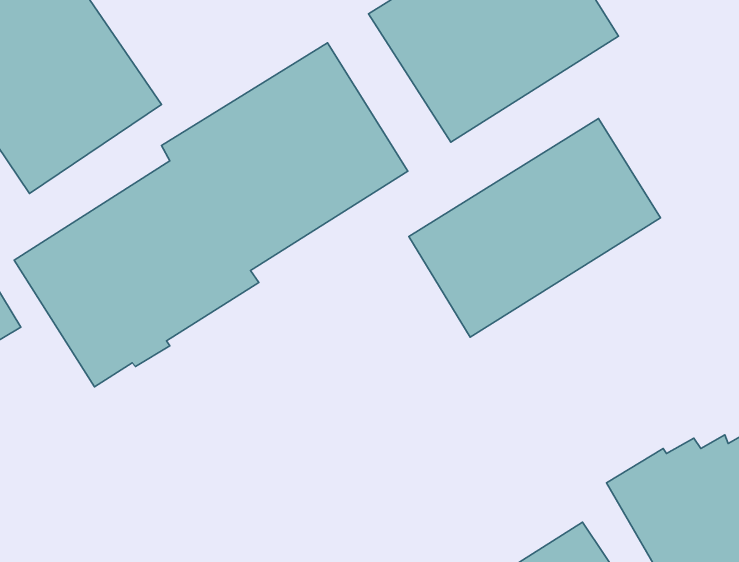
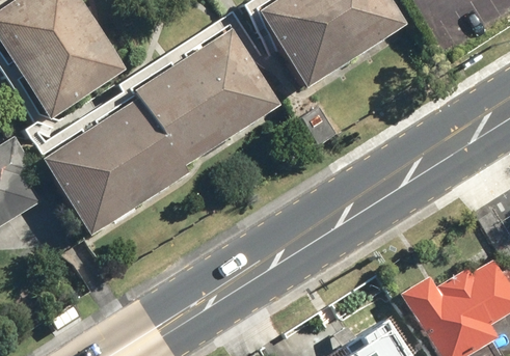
building: [409,119,661,337] -> none

